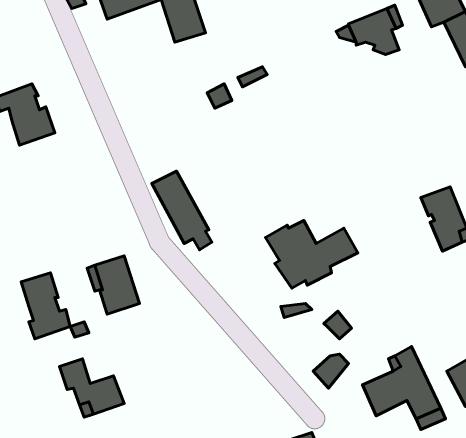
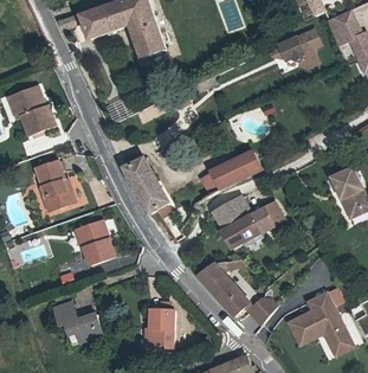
building: none -> [196,148,263,195]
building: [21,273,70,339] -> [37,161,75,212]
building: none -> [198,263,250,315]
building: none -> [149,309,175,347]

